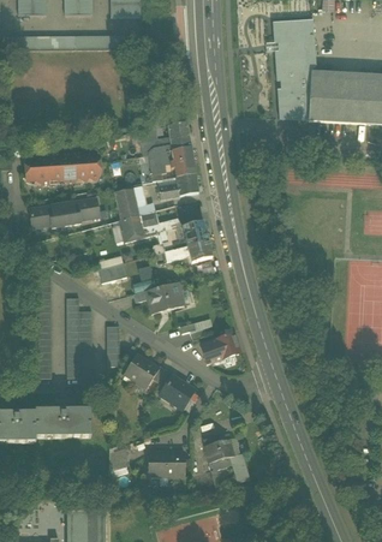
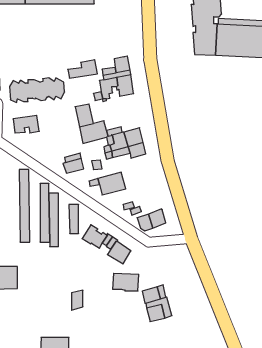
building: [157,171,198,196] -> [68,60,97,78]
building: [61,195,100,222] -> none
building: [35,406,90,434] -> none
building: [148,449,184,473] -> [113,273,139,291]

